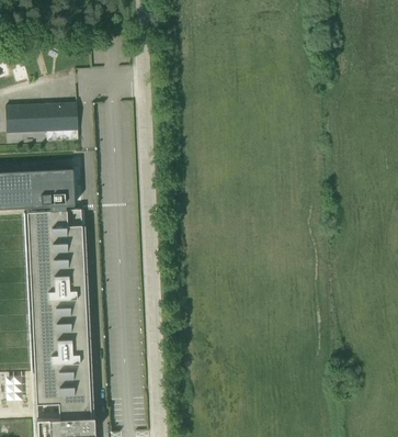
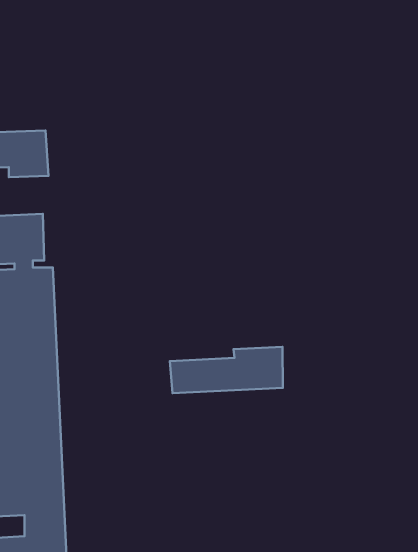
building: none -> [170,347,283,393]

